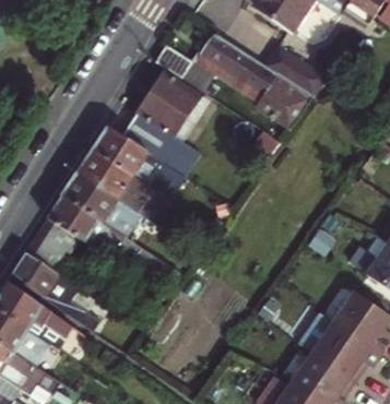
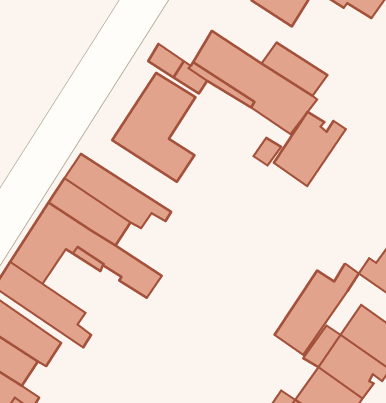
building: none -> [274,112,346,186]
building: [92,126,182,185] -> none
building: none -> [275,264,359,355]

